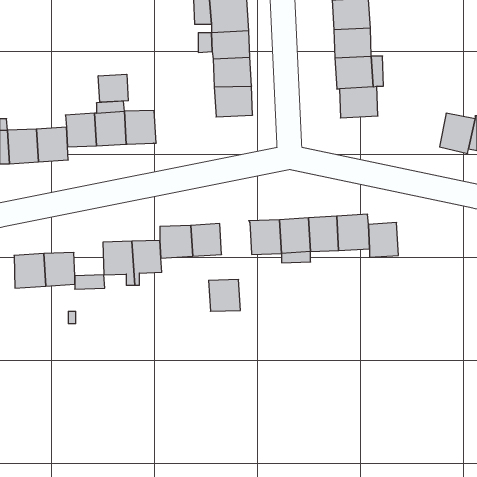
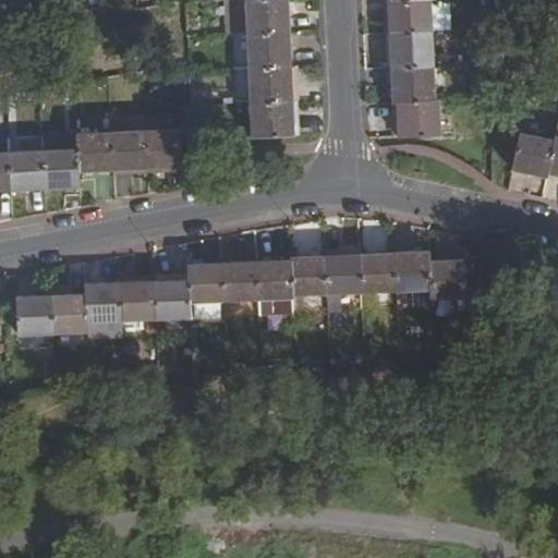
building: [98,74,128,102] -> none
building: none -> [86,282,121,322]
building: [209,280,240,311] -> [256,259,293,296]

